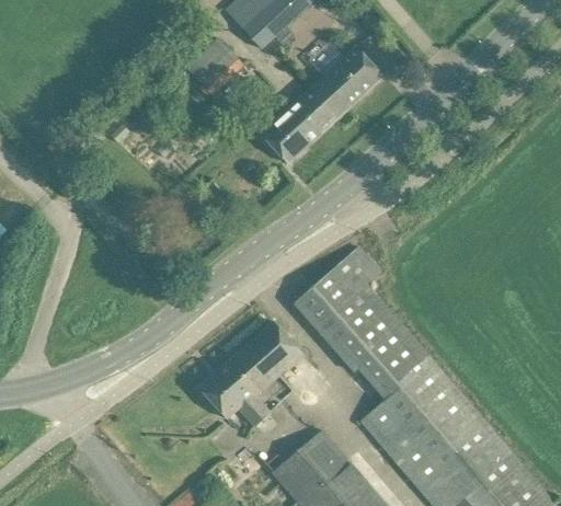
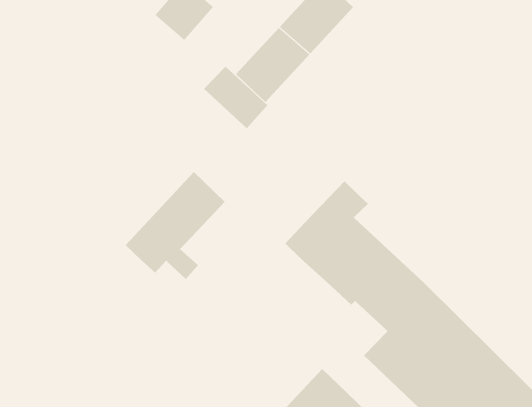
building: none -> [203,66,268,129]
building: [199,322,302,428] -> [125,171,226,280]

